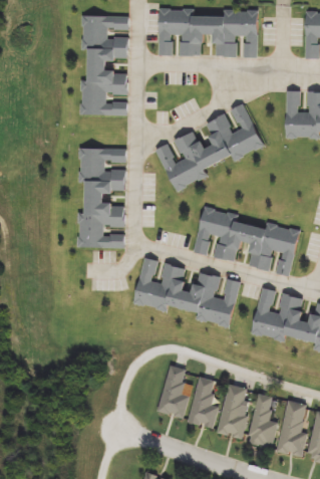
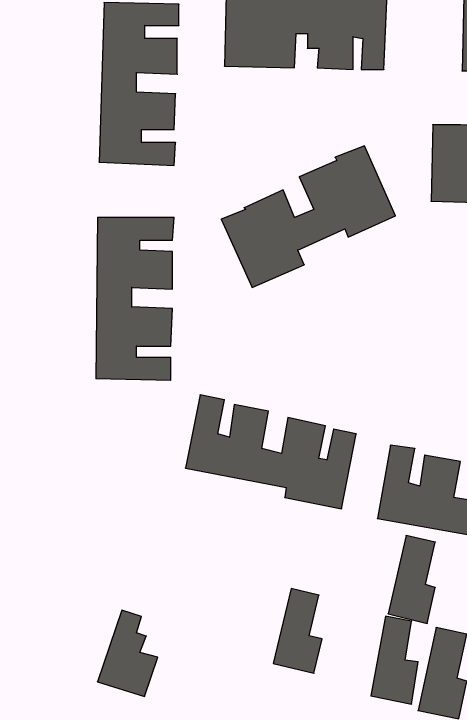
building: [194,207,298,275] -> none
building: [154,367,192,420] -> [97,610,158,696]
building: [218,385,247,439] -> [388,536,435,623]

